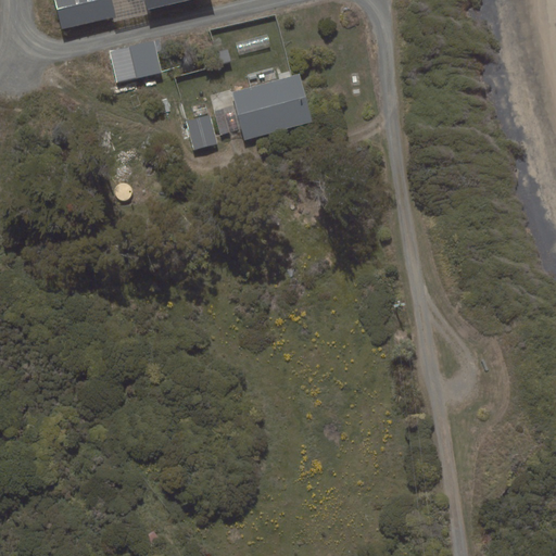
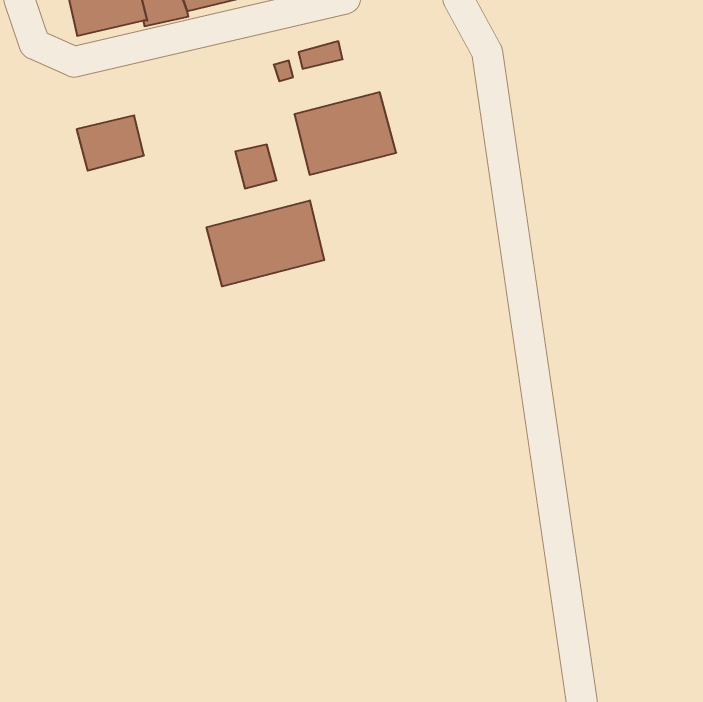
building: [109,39,162,83] -> [77,115,144,171]
building: none -> [207,200,324,286]

